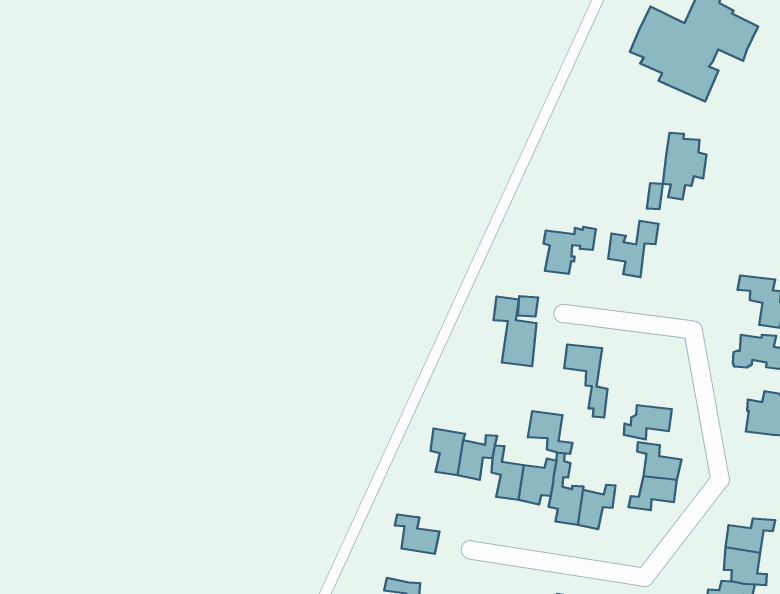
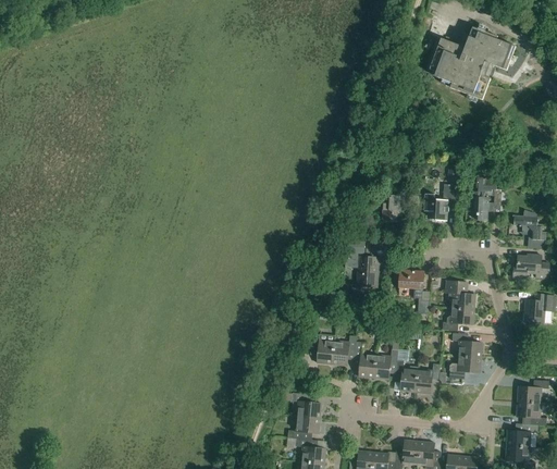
building: [663,133,706,200] -> [473,177,502,222]
building: none -> [446,280,476,310]
building: [528,411,572,454] -> none
building: none -> [288,417,320,440]

